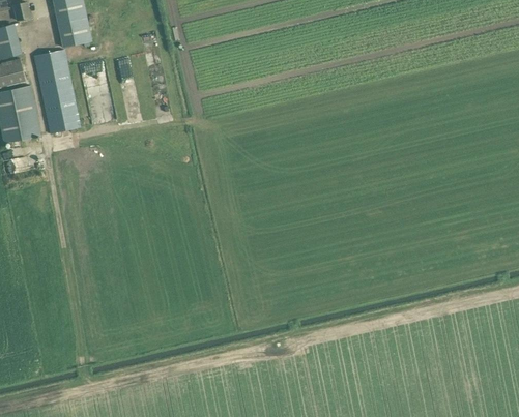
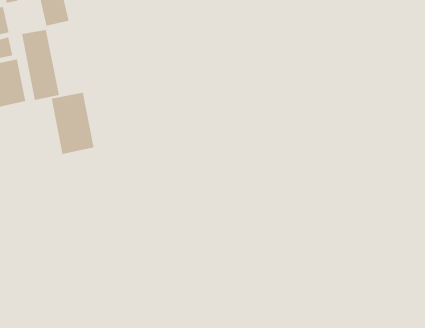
building: none -> [51,92,94,155]

